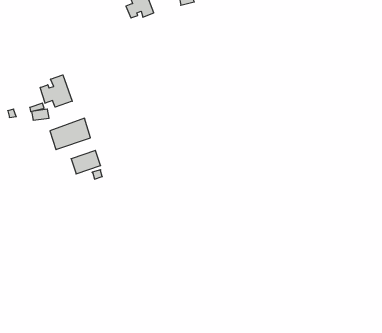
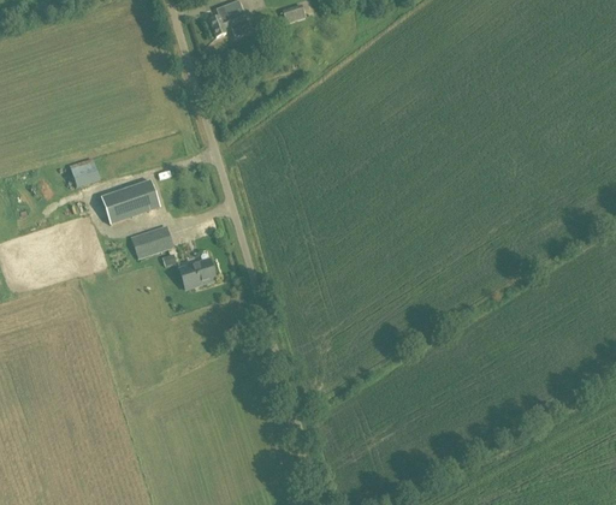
building: [40,75,72,107] -> none
building: none -> [179,259,215,289]

